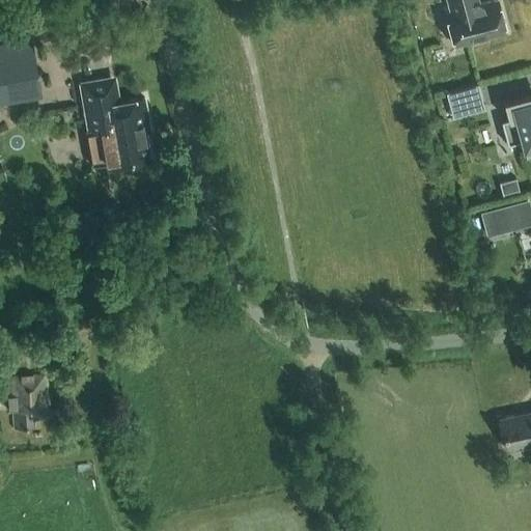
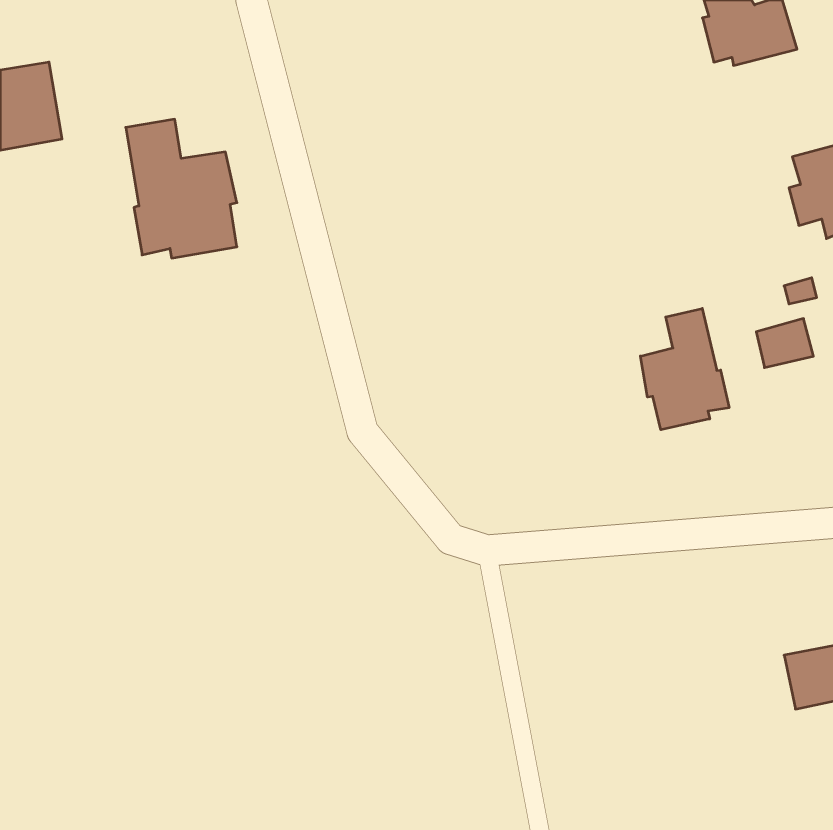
building: [447,85,484,118] -> none
building: none -> [640,308,729,430]
building: [15,376,50,429] -> none

